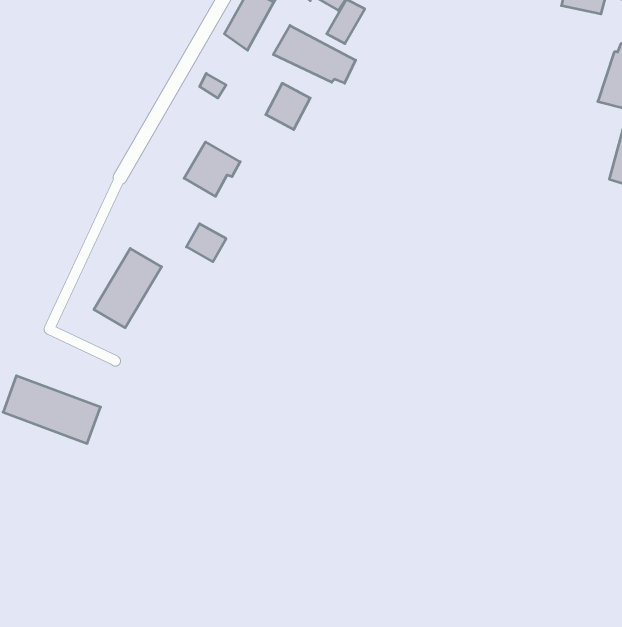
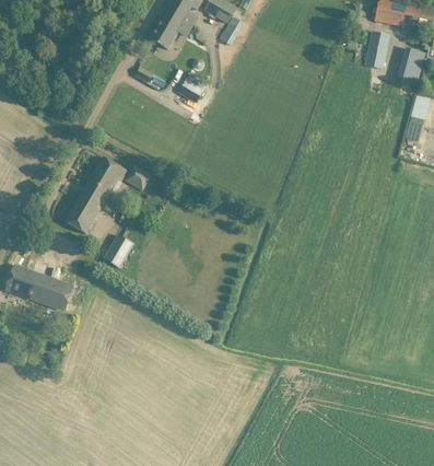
building: none -> [366,32,390,70]
building: [273,25,356,83] -> none
building: [184,142,240,196] -> [90,158,127,194]
building: none -> [105,235,133,268]

